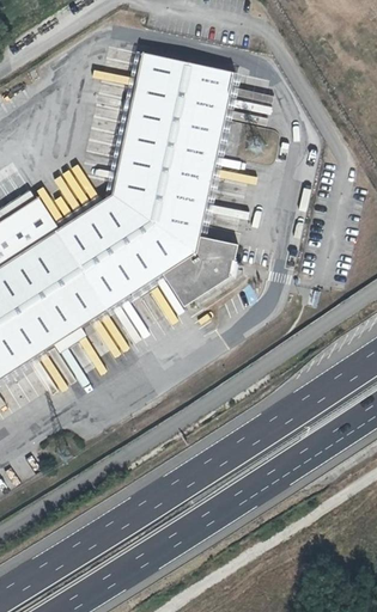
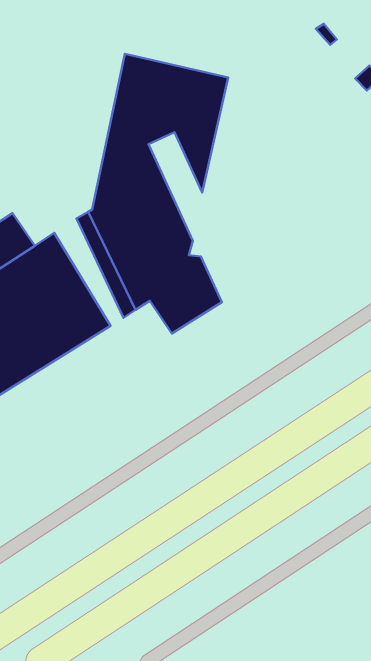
building: [162,123,211,222] -> none
building: [75,202,139,300] -> none
building: [209,237,237,279] -> none

